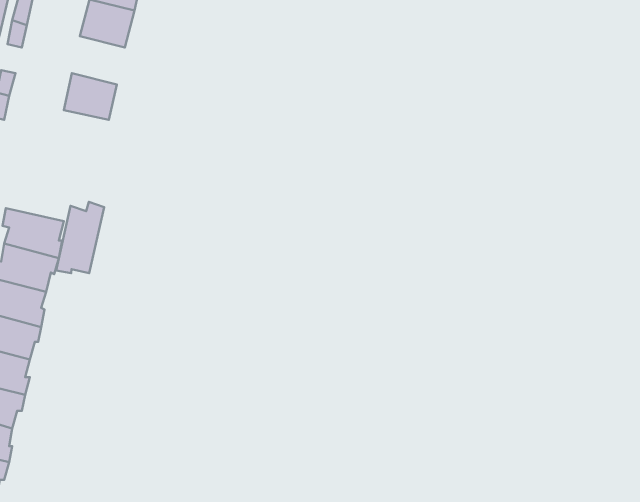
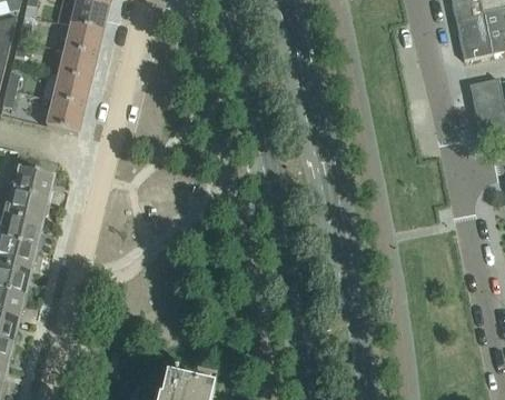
building: none -> [59,47,96,80]
building: none -> [47,98,85,130]
building: [56,202,104,273] -> none

